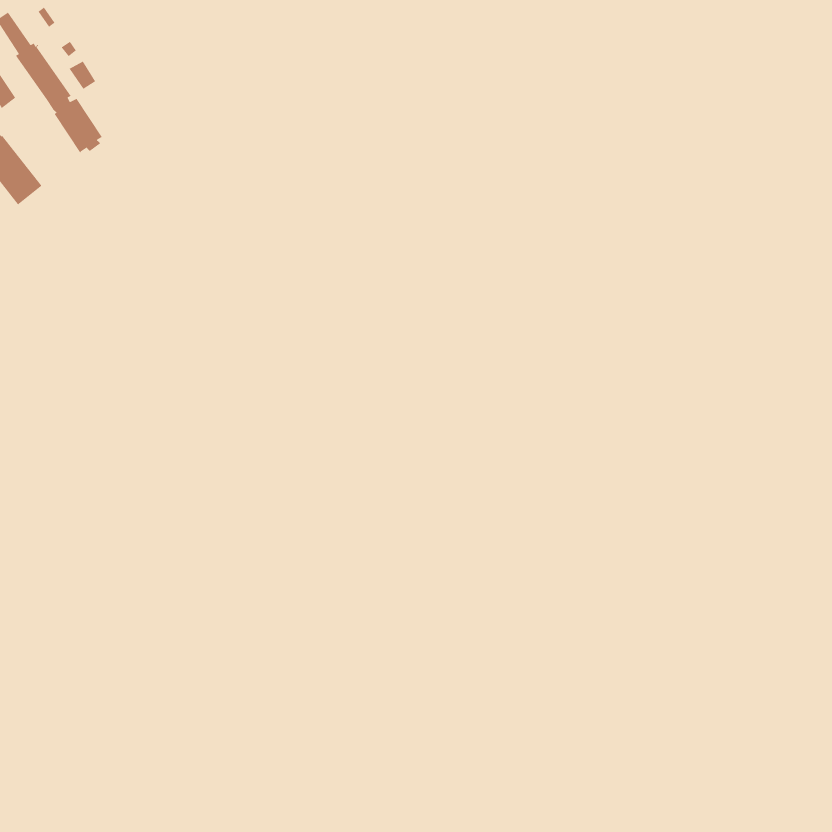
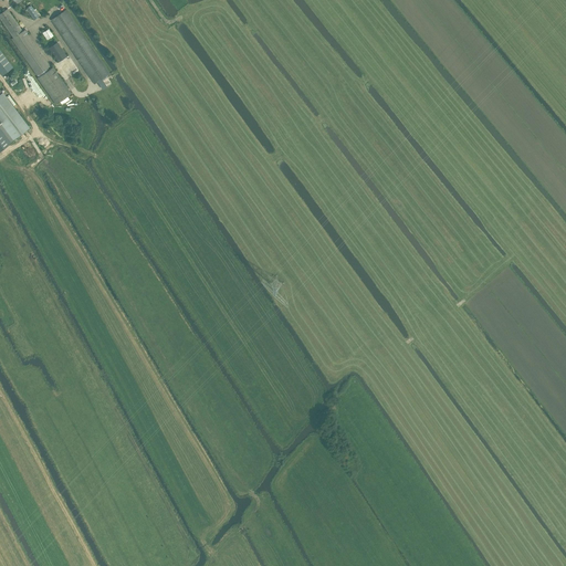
building: none -> [50,8,108,83]

